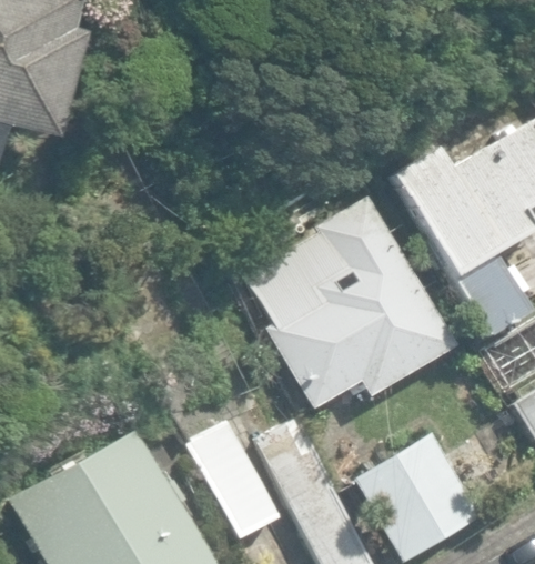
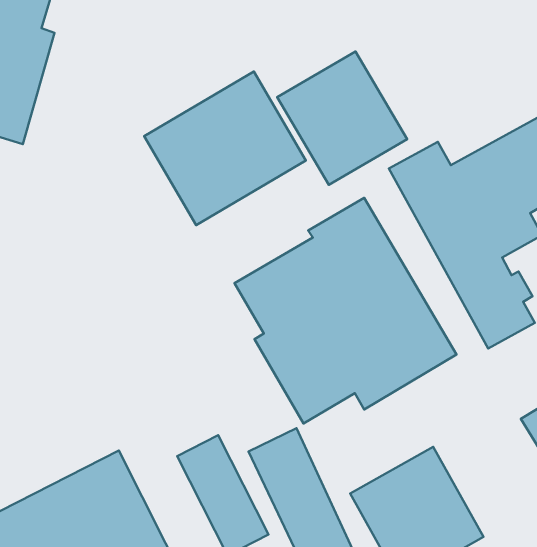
building: none -> [277,52,407,185]
building: none -> [144,72,306,225]

